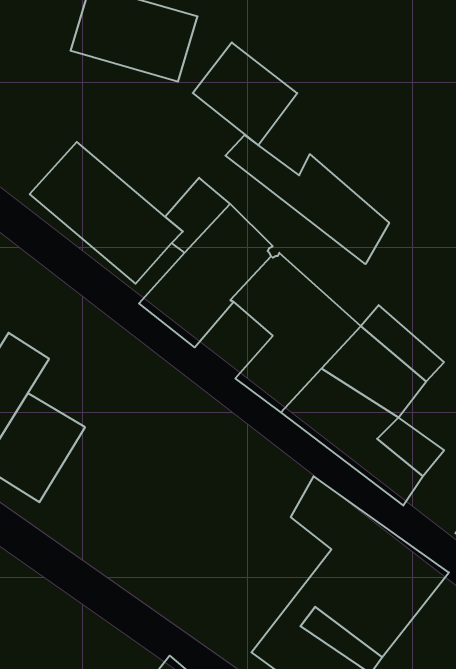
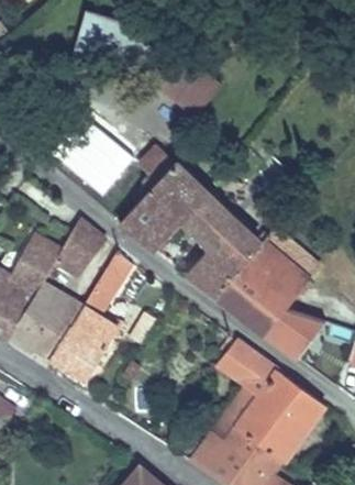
building: [225,135,389,264] -> none
building: none -> [56,221,106,277]
building: none -> [49,249,133,382]

